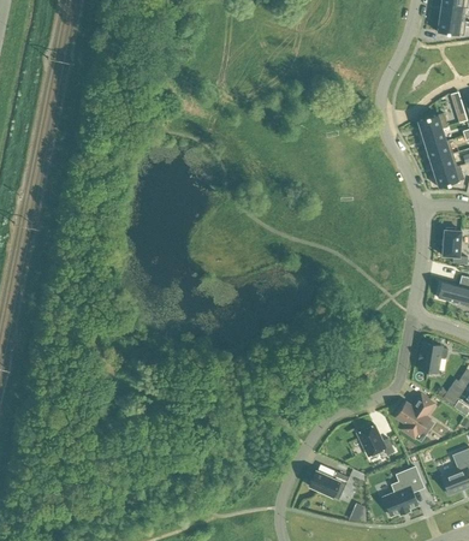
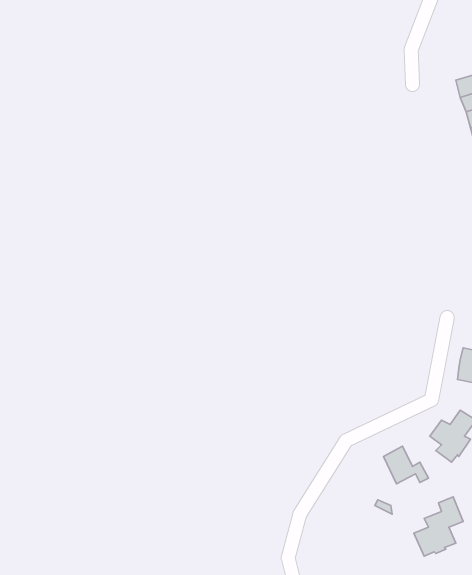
building: [308,470,349,499] -> none

